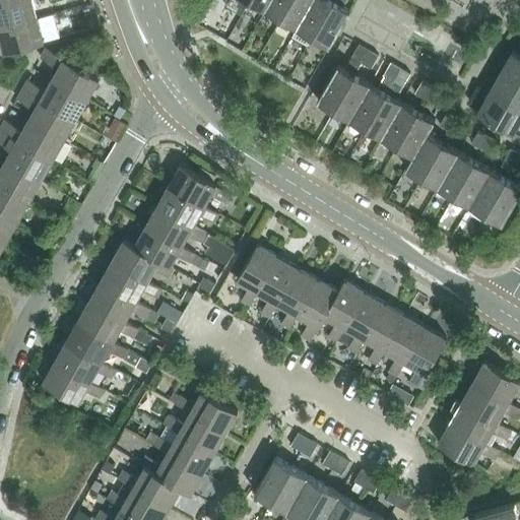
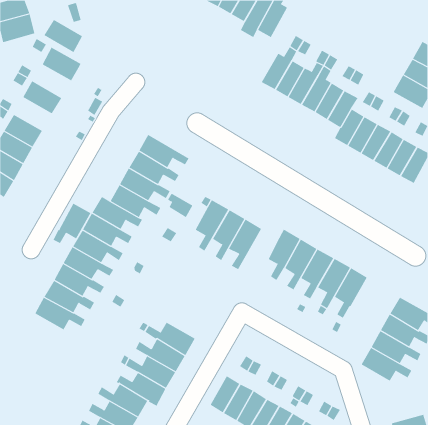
building: [39,82,86,123] -> [44,19,83,53]
building: [16,122,63,162] -> none
building: none -> [53,203,91,244]
building: [297,281,337,343] -> none

